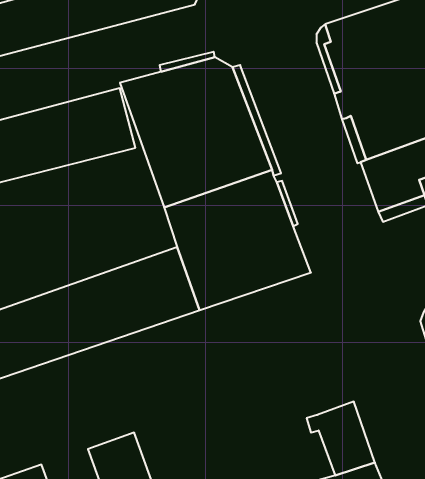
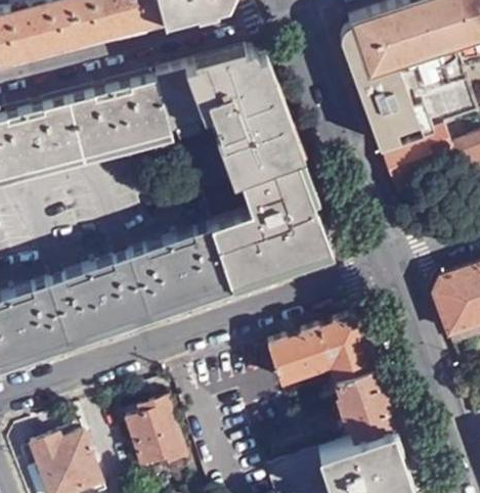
building: none -> [268,323,373,386]

